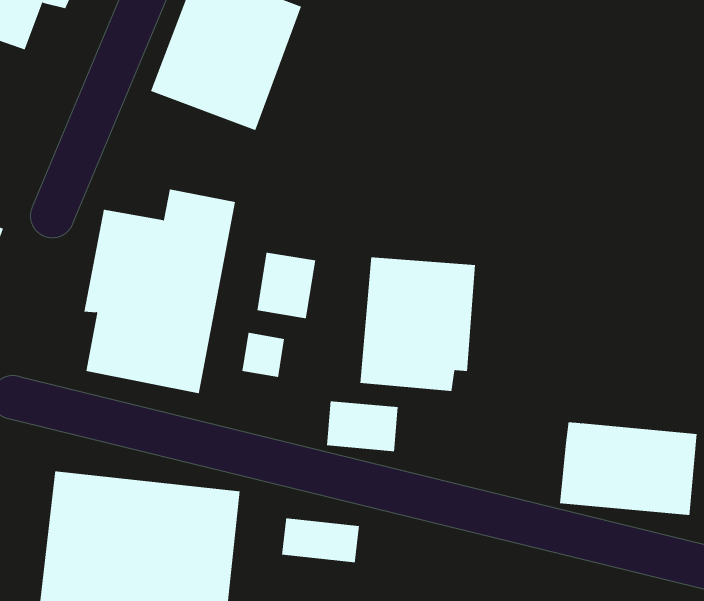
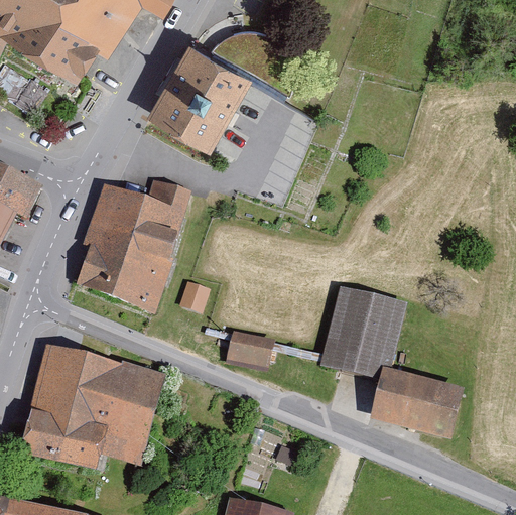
building: [257,252,316,319] -> none
building: [360,257,476,392] -> [319,286,406,381]
building: [281,518,359,563] -> none

